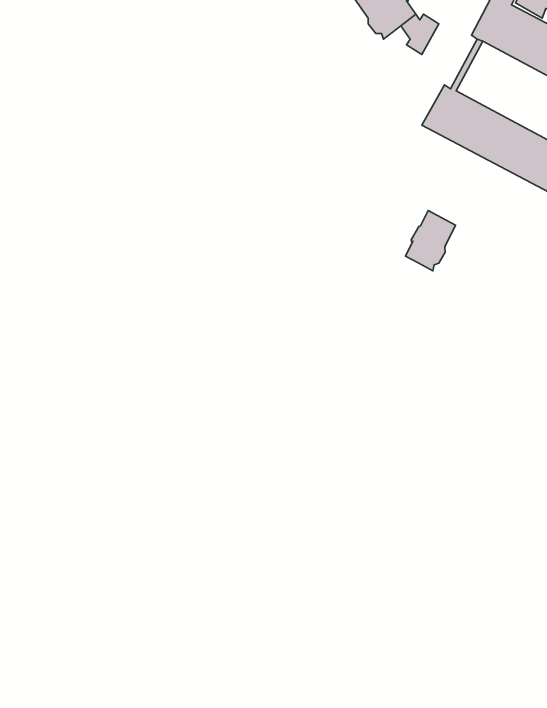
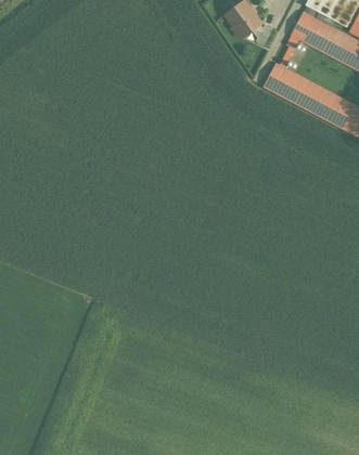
building: [405,211,456,271] -> none

